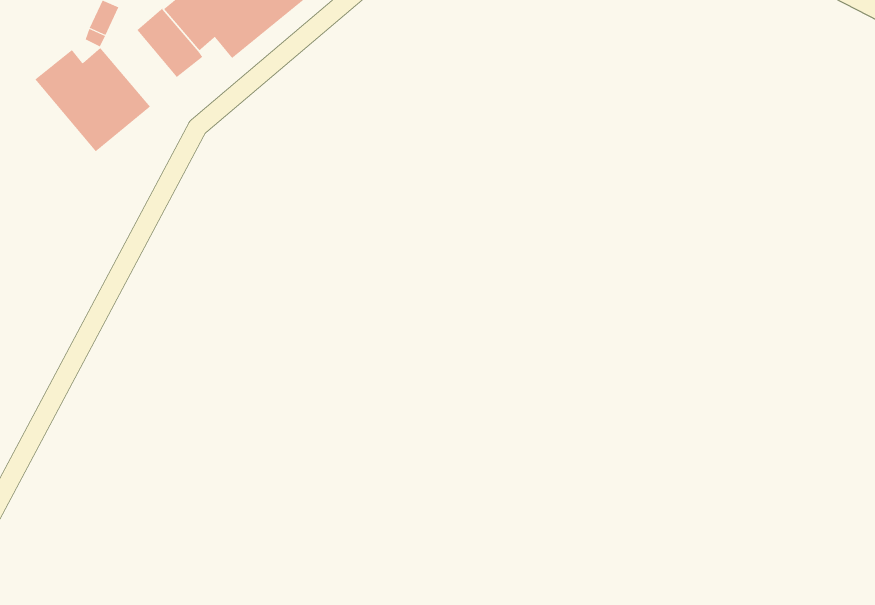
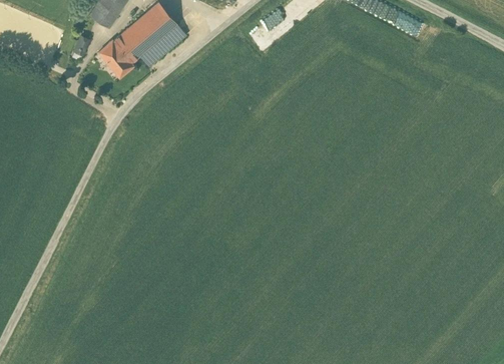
building: [35,47,151,152] -> none

